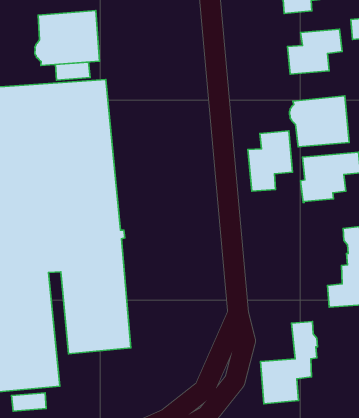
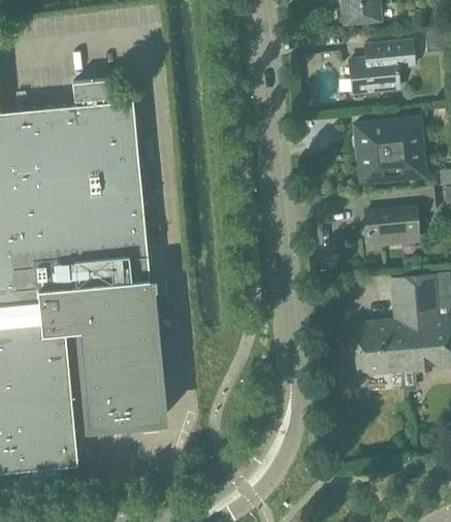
building: [35,10,100,65] -> none
building: [248,131,293,191] -> none
building: [260,322,318,404] -> [353,279,421,377]

